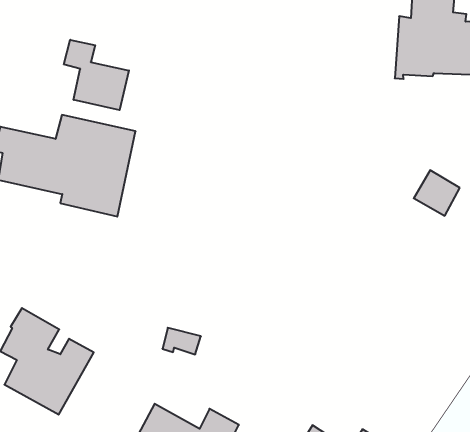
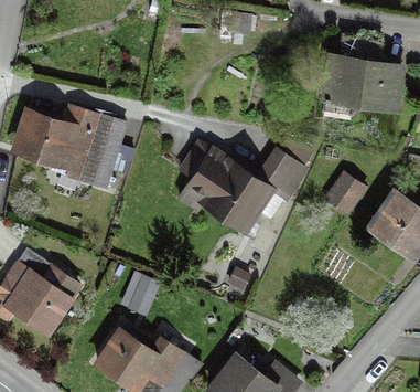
building: [64,40,129,110] -> none
building: none -> [181,142,304,229]

